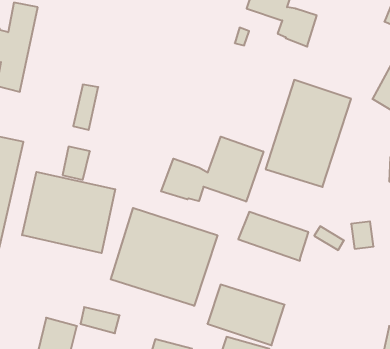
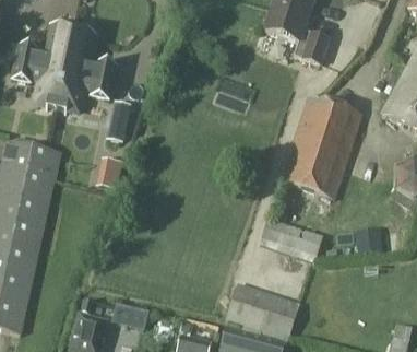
building: none -> [57,28,117,110]
building: [161,137,263,202] -> none
building: [22,172,115,253] -> none
building: [111,208,217,306] -> none

